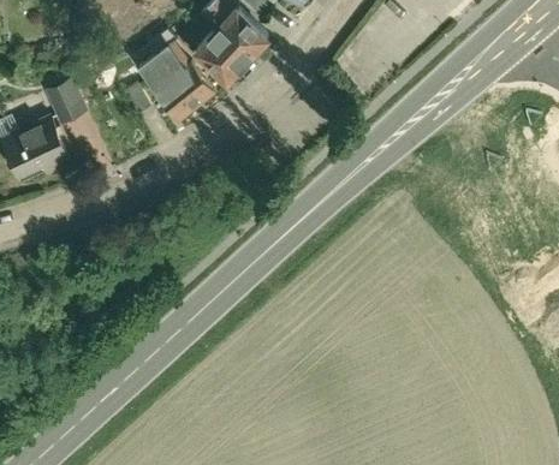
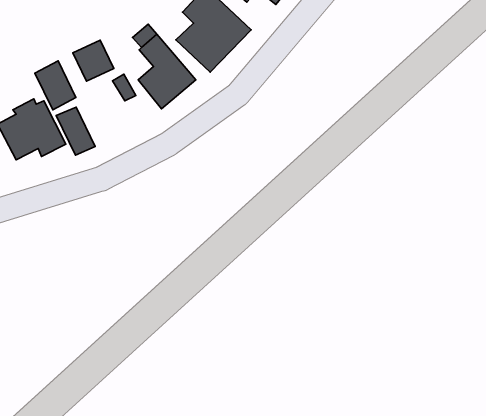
building: none -> [73,40,114,81]
building: none -> [56,107,95,155]

